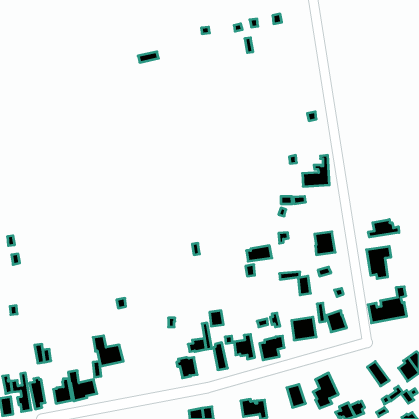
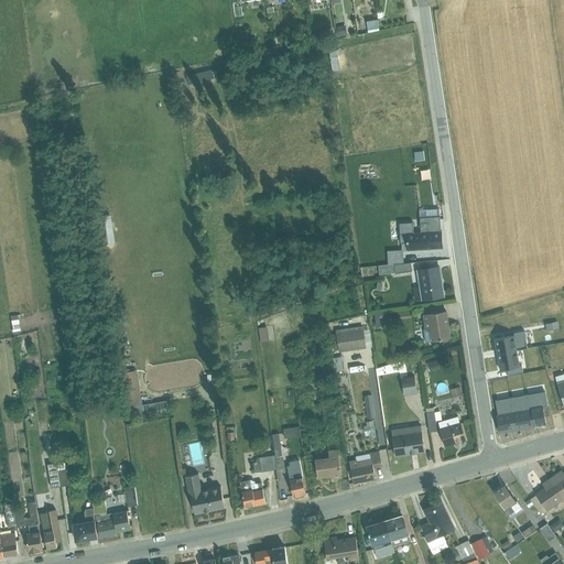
building: none -> [415,267,443,300]
building: [368,219,399,237] -> none
building: [93,336,123,366] -> [184,473,225,513]
building: none -> [366,520,393,557]

